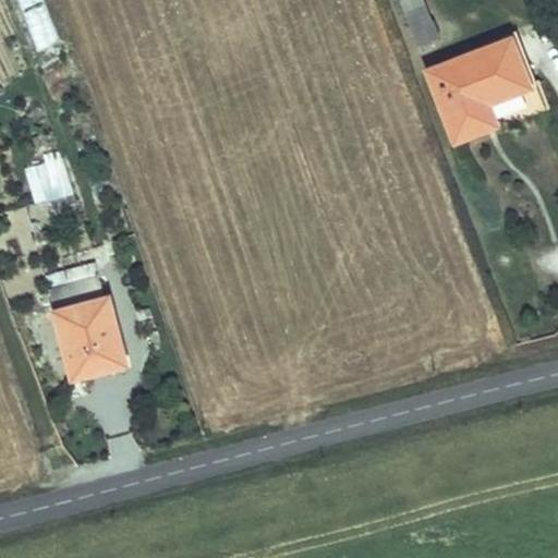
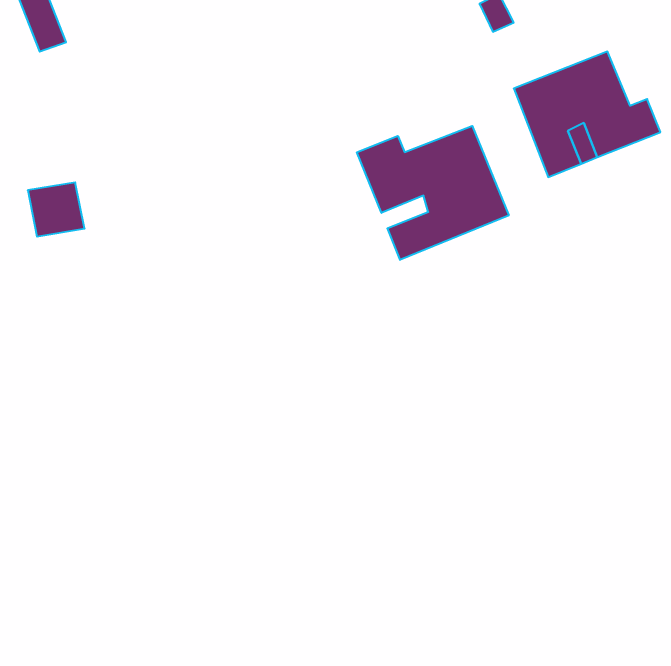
building: none -> [357,126,509,260]
building: [51,251,128,369] -> none

